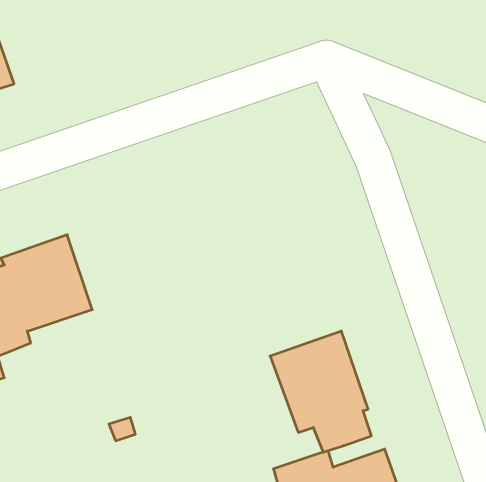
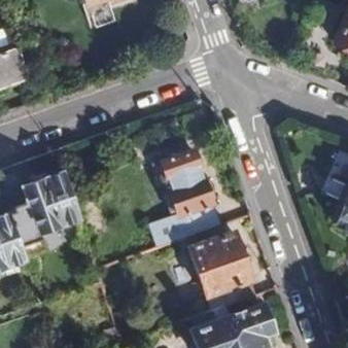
building: none -> [155,150,215,246]

